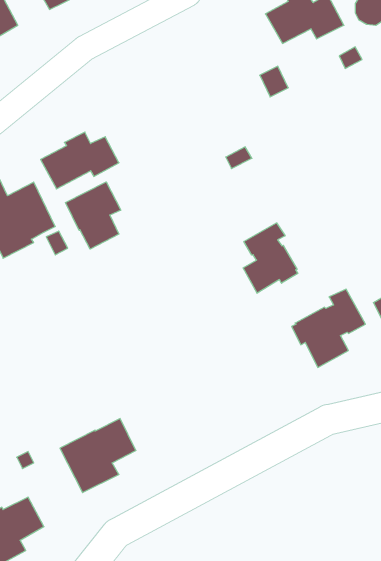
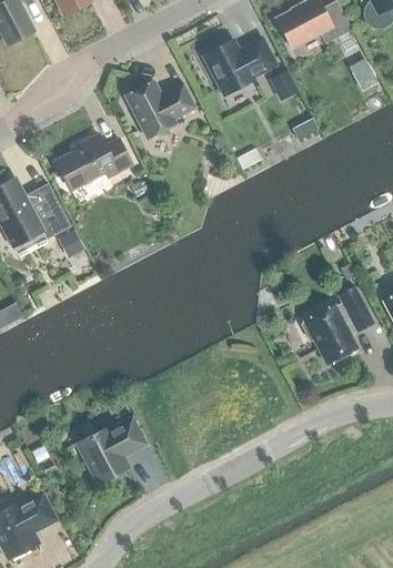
building: none -> [201,36,280,98]
building: none -> [124,81,194,139]
building: [65,182,121,249] -> none
building: [243,223,298,293] -> none

